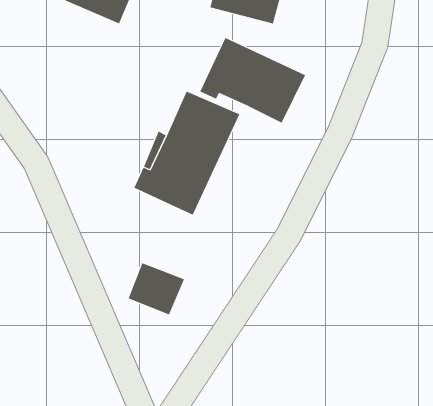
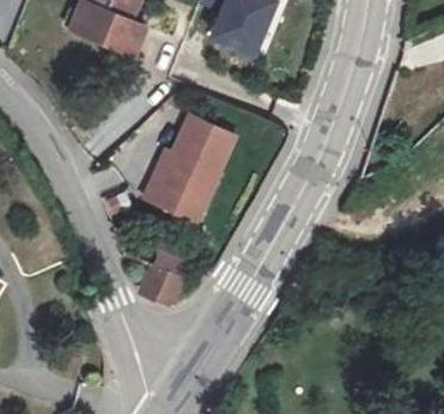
building: [199,37,306,123] -> none

